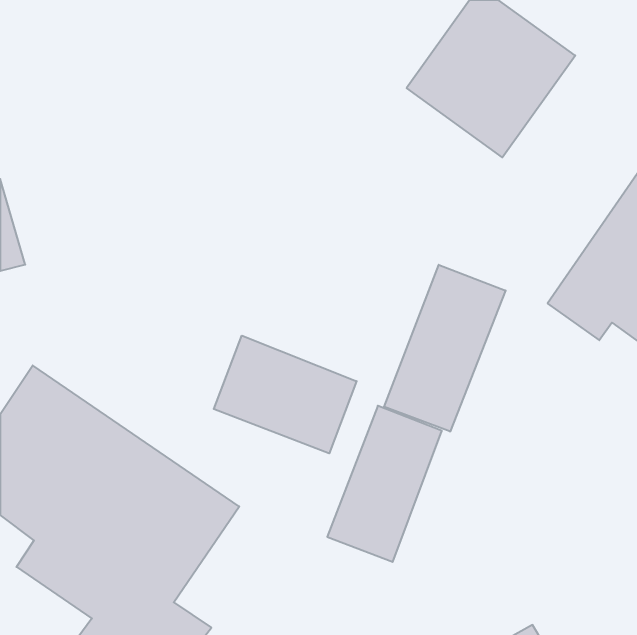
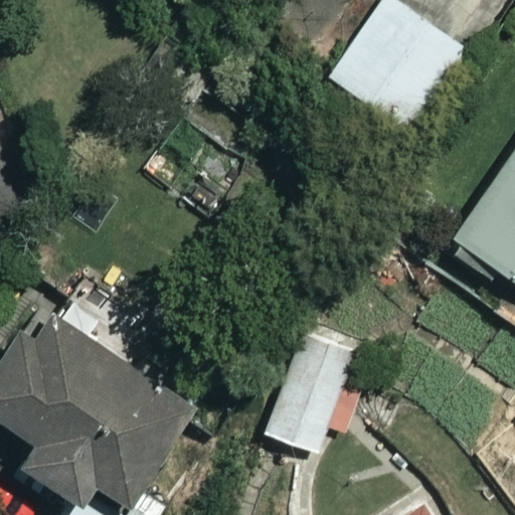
building: [384,265,506,432] -> none
building: [214,336,357,453] -> none

